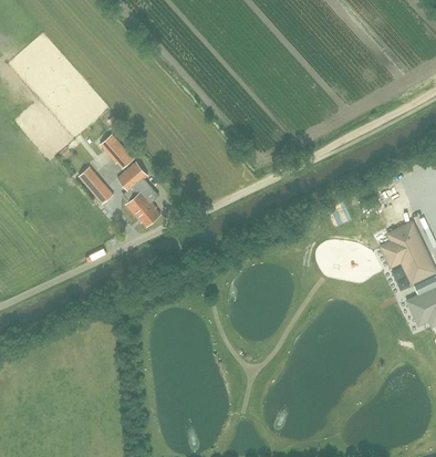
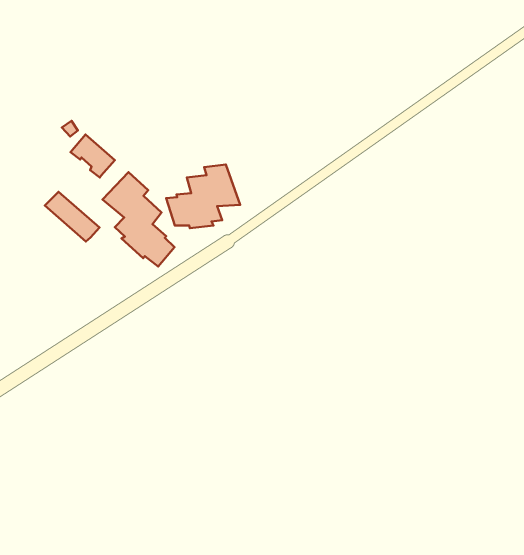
building: none -> [166,165,240,228]

